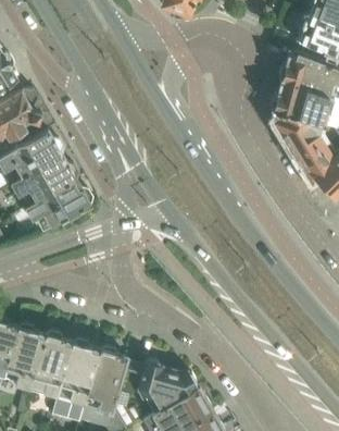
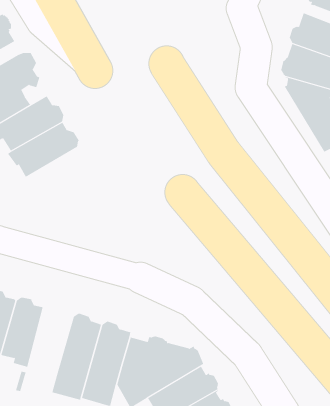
building: [24,178,92,233] -> none
building: [28,330,72,397] -> none

